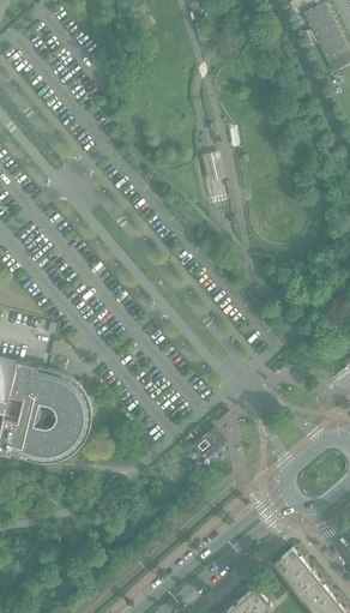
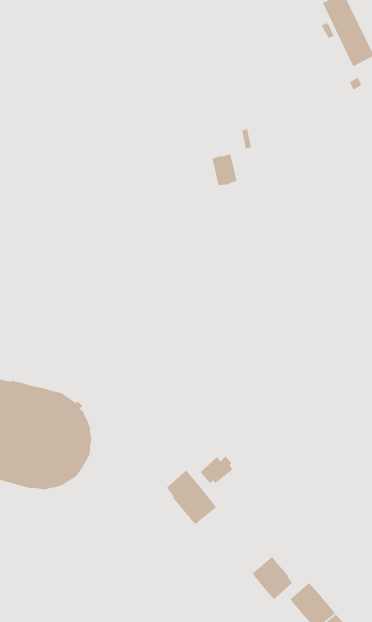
building: none -> [166,470,217,525]
building: none -> [251,556,293,600]

